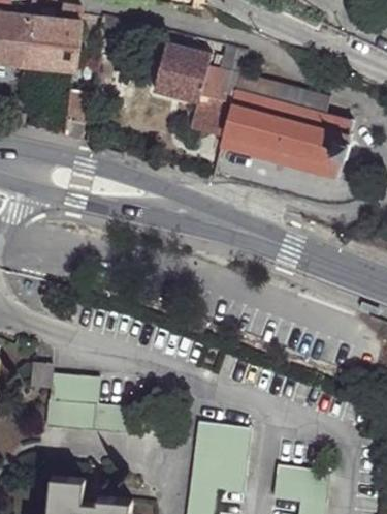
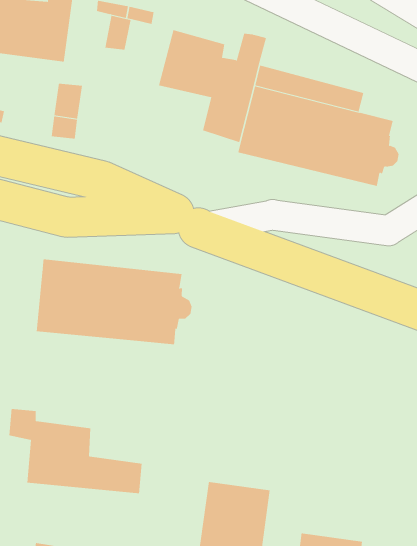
building: none -> [36,259,192,345]

